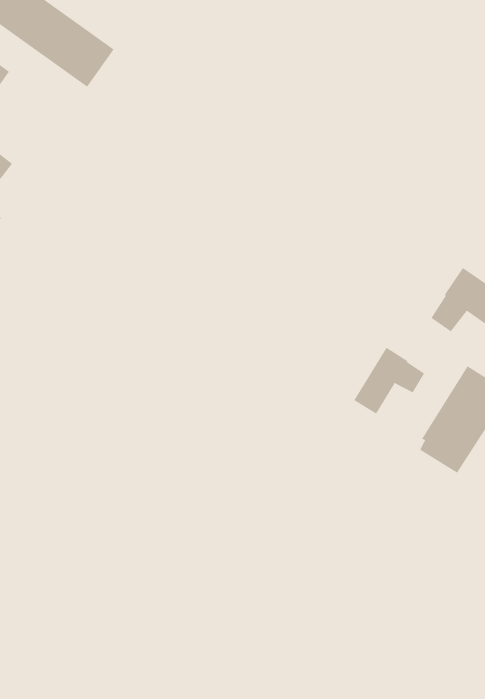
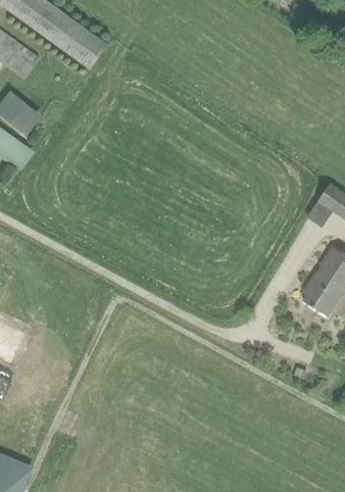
building: [354,347,425,415] -> none

